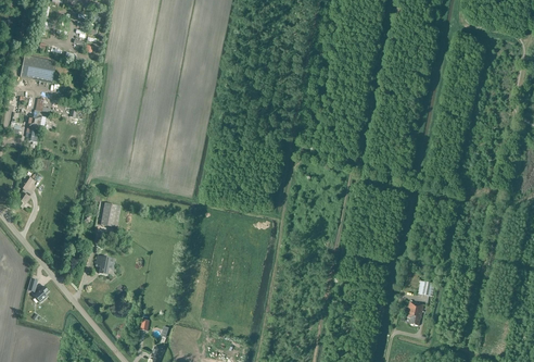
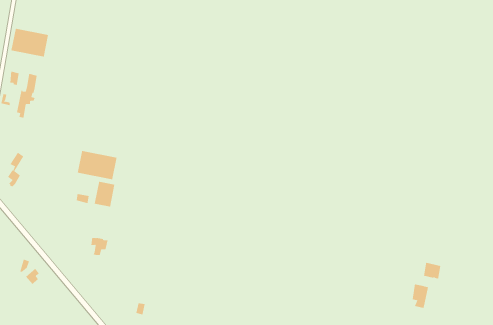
building: none -> [77,150,117,180]

